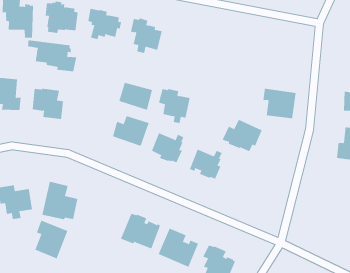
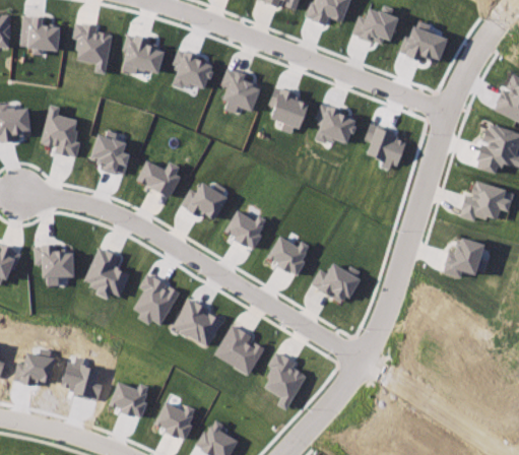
building: none -> [317,106,359,146]
building: [28,40,77,72] -> none
building: [119,82,153,110] -> [137,155,180,193]
building: [263,88,296,119] -> [366,126,407,168]
building: [158,89,191,124] -> [269,87,309,132]
building: [222,119,262,152] -> [311,262,361,303]
building: [34,220,68,259] -> [135,269,179,319]

